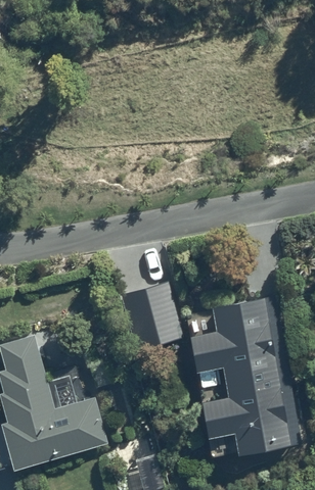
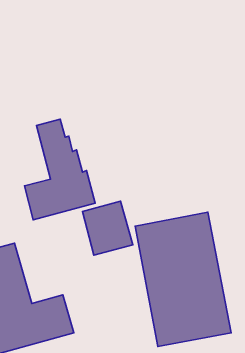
building: none -> [25,119,95,220]

